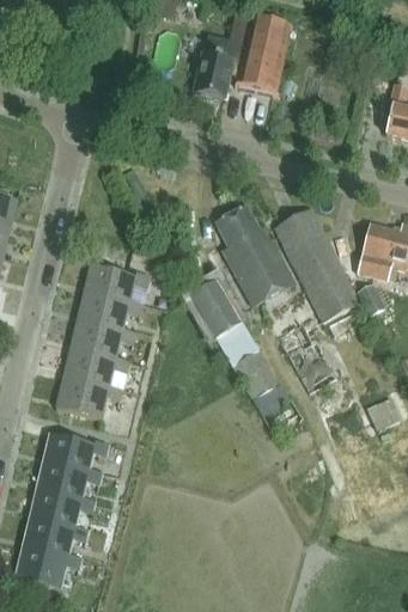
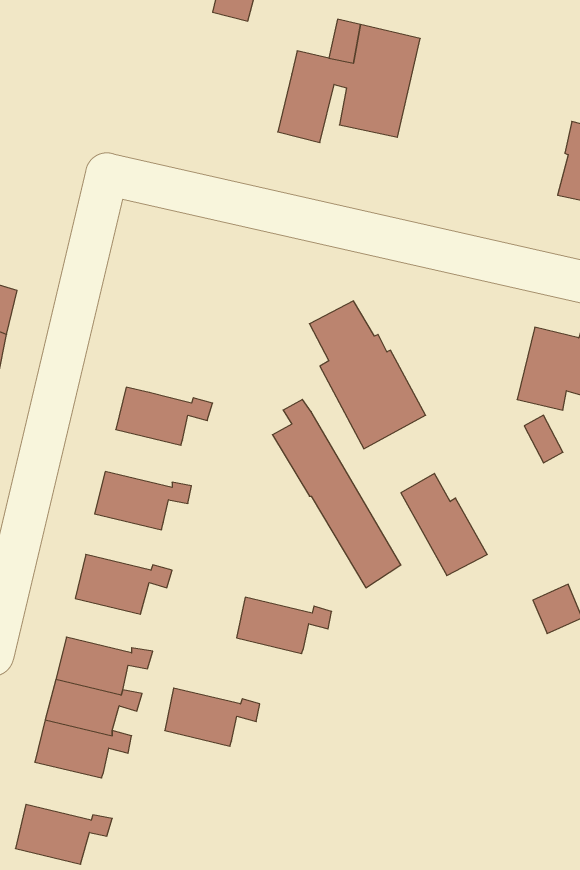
building: [274,207,358,320] -> none
building: [77,292,142,331] -> none
building: [63,349,128,387] -> [237,597,332,654]
building: [23,518,87,557] -> [165,688,260,746]

